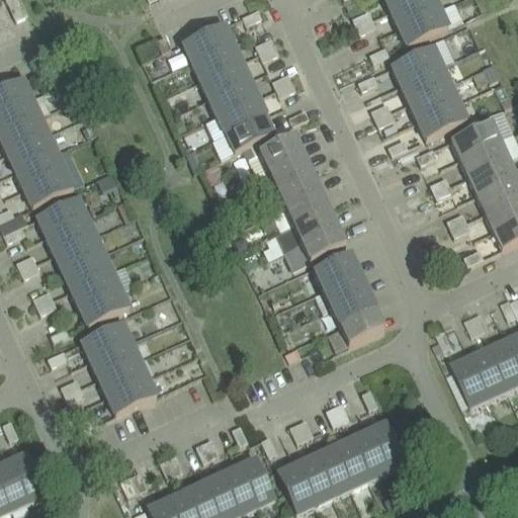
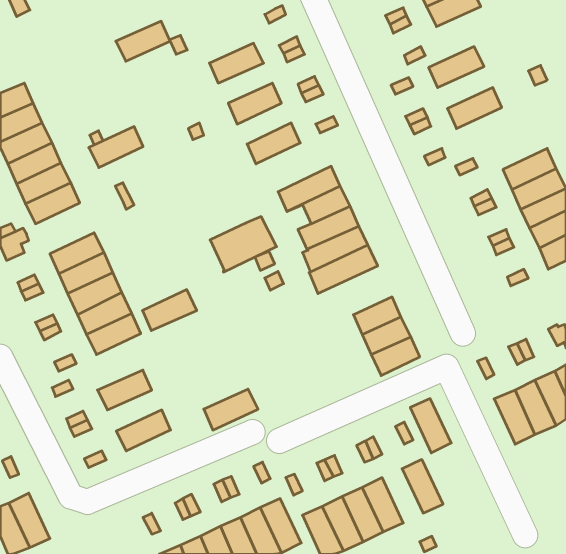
building: [399,6,448,44] -> none
building: [182,21,232,58] -> [116,21,170,61]
building: [199,58,249,94] -> none
building: [400,61,450,99] -> none
building: [217,94,266,132] -> none
building: [417,98,467,136] -> none
building: [450,117,500,155] -> none
building: [242,124,303,175] -> [210,217,277,272]
building: [36,194,86,232] -> [89,127,143,168]
building: [314,252,358,287] -> none
building: [81,319,131,356] -> [142,290,197,331]
building: [98,356,148,394] -> [204,389,258,430]
building: [349,428,386,478] -> [410,399,451,453]

